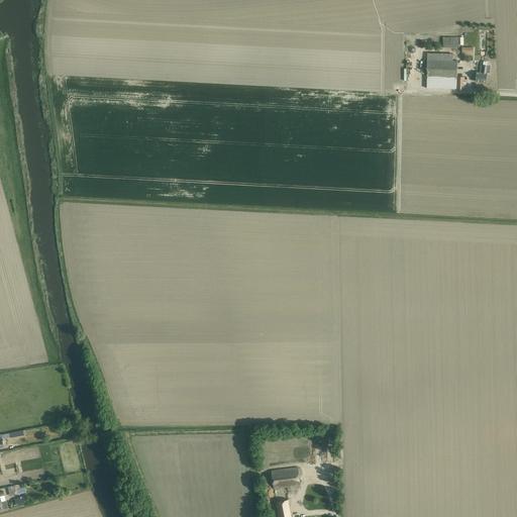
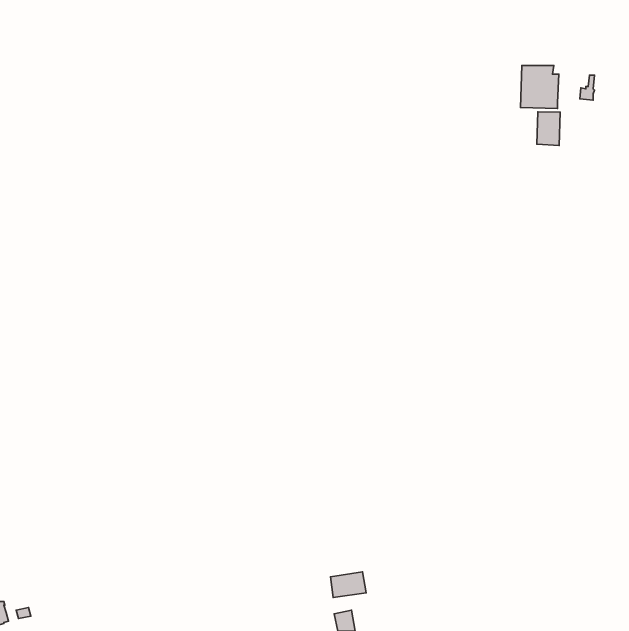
building: none -> [537,112,560,145]

